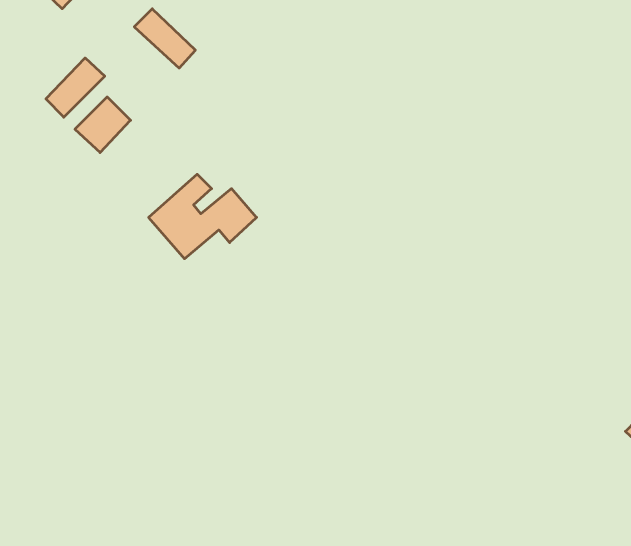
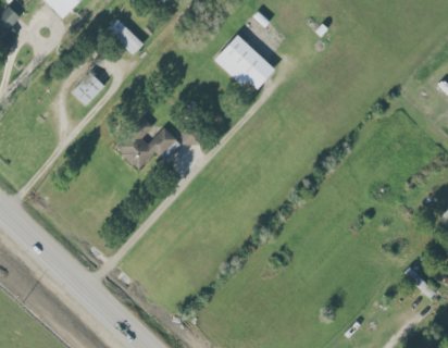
building: none -> [214,34,275,88]
building: [46,58,105,117] -> none

